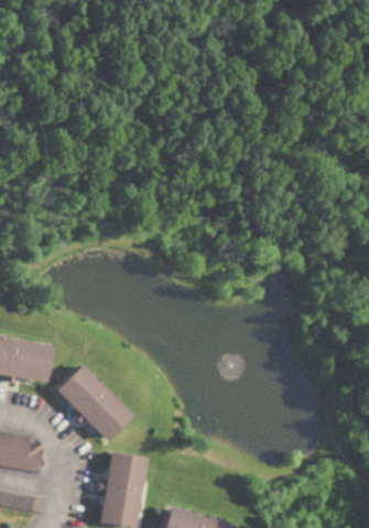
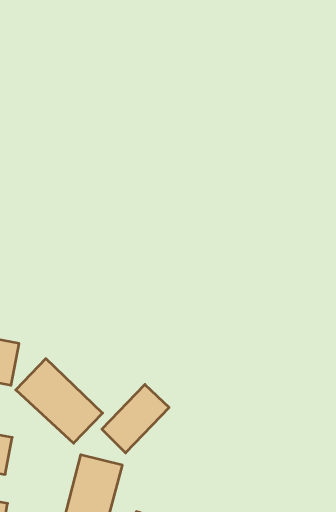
building: none -> [102,384,169,453]

